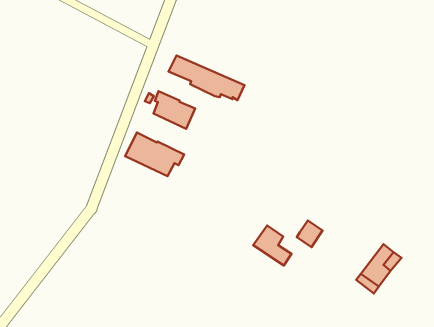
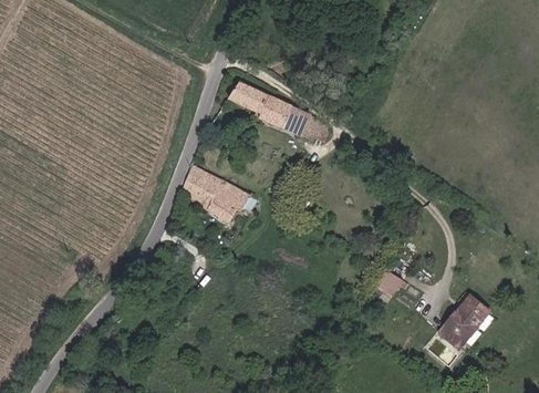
building: [153,91,195,129] -> none
building: [253,225,291,266] -> none

